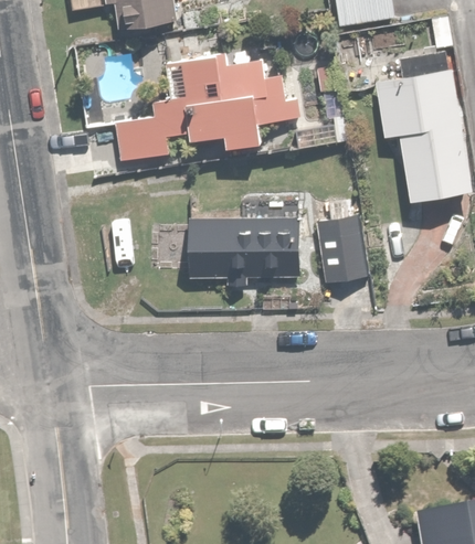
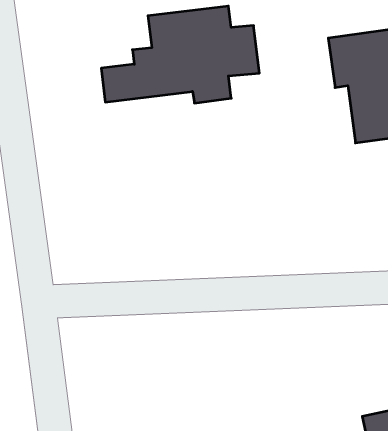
building: [317,196,361,279] -> none
building: [188,214,297,276] -> none

